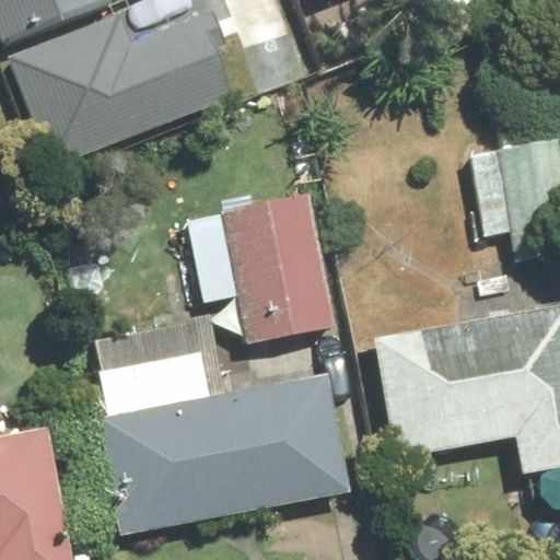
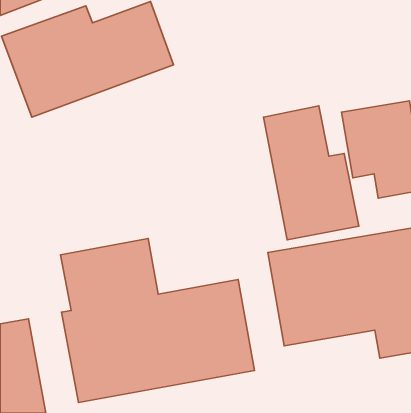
building: none -> [263,106,359,240]
building: [188,194,339,347] -> none

